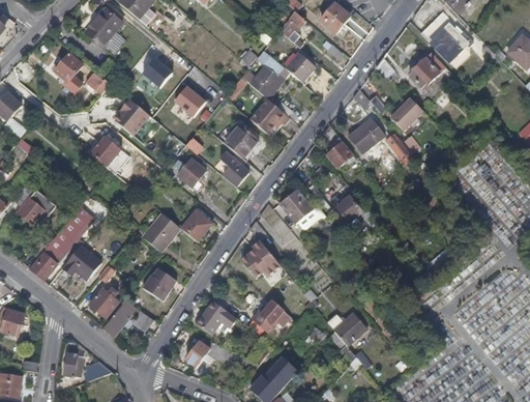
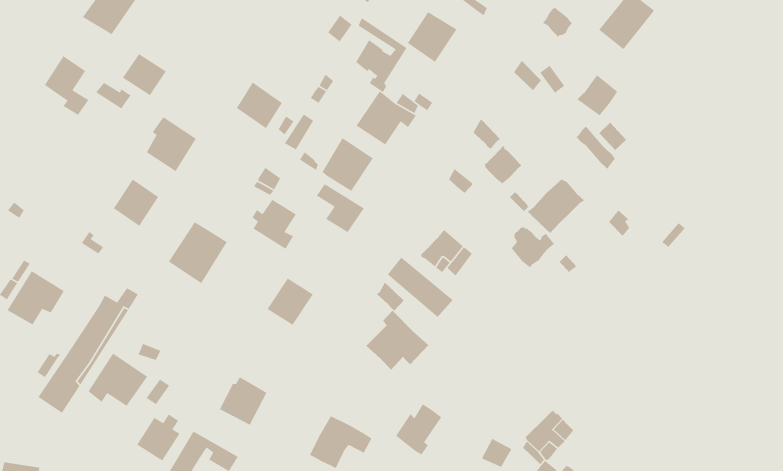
building: [143,57,172,85] -> [122,53,167,96]
building: [348,118,386,152] -> [526,178,586,234]
building: [141,213,180,254] -> [168,221,228,284]

